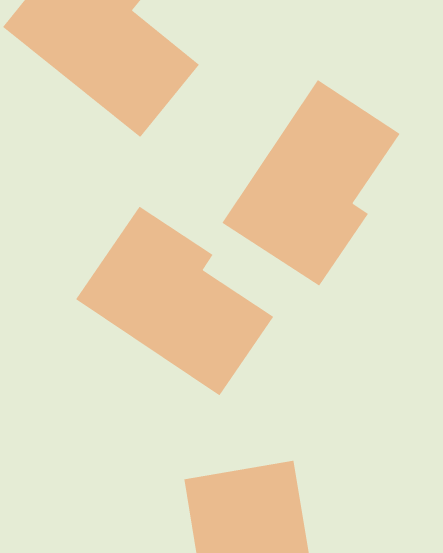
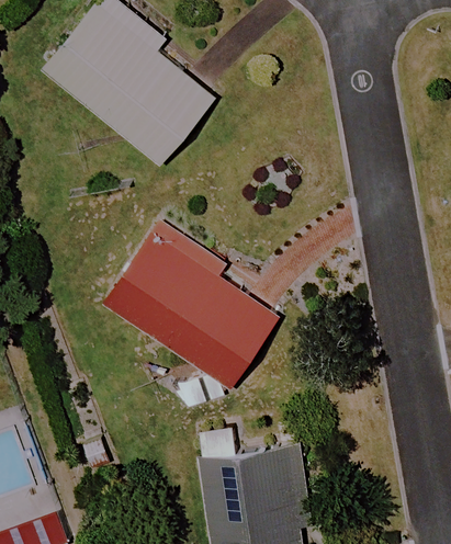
building: [222,79,400,287] -> none

